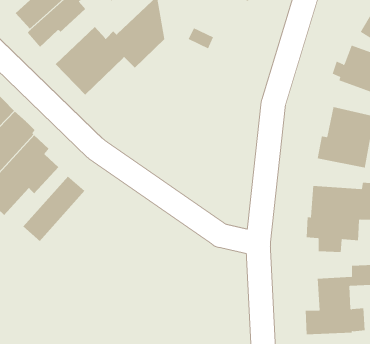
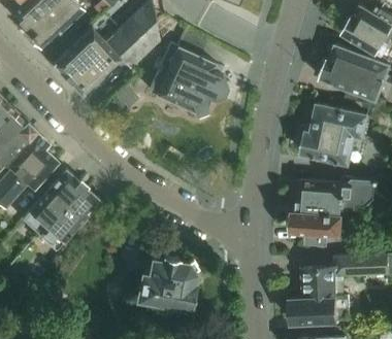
building: none -> [151,47,226,116]
building: none -> [39,185,99,249]
building: none -> [138,256,199,312]

